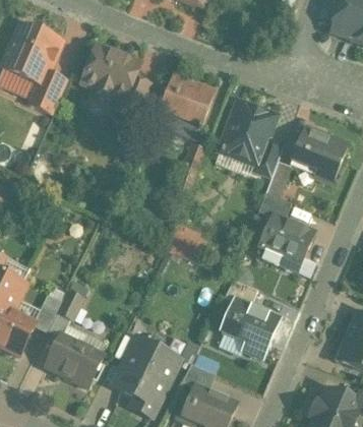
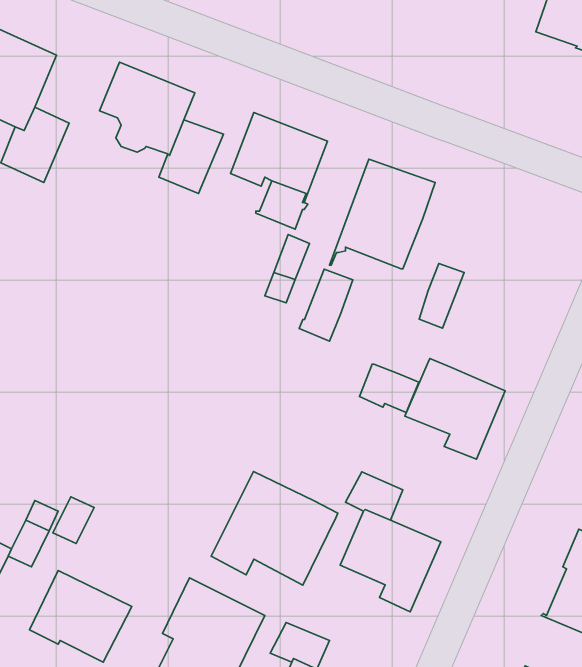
building: [292,127,348,183] -> none
building: [254,134,285,175] -> [299,269,353,341]
building: [258,191,292,219] -> [360,364,419,413]
building: none -> [211,471,338,585]

